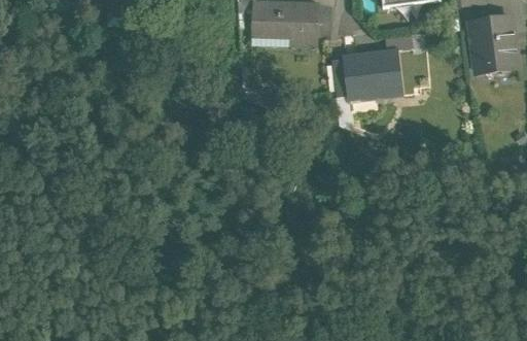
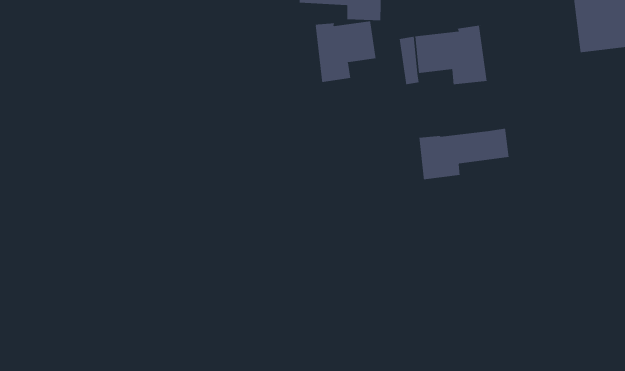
building: none -> [314,21,376,83]
building: none -> [419,128,509,180]

